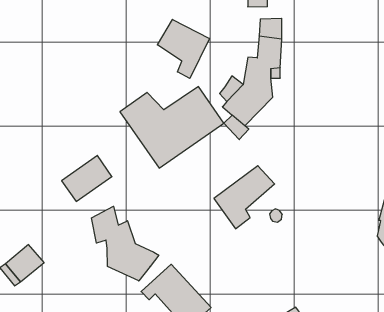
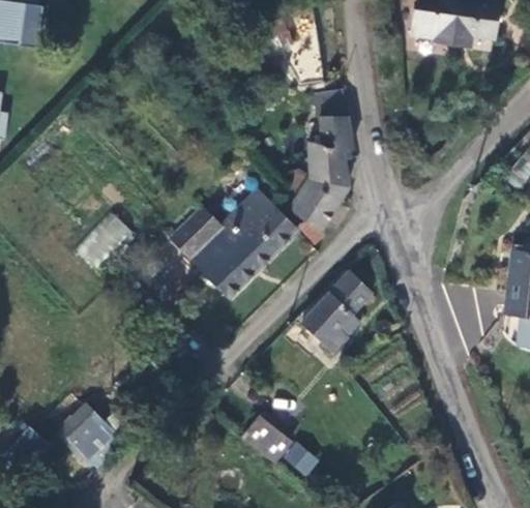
building: [157,19,210,78] -> none
building: [62,155,112,201] -> [75,210,135,270]
building: [91,206,159,281] -> none

